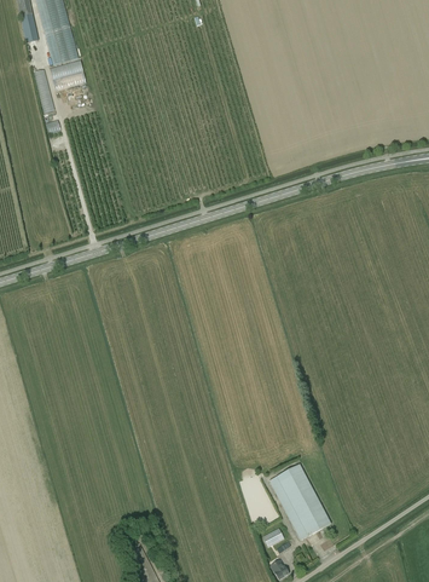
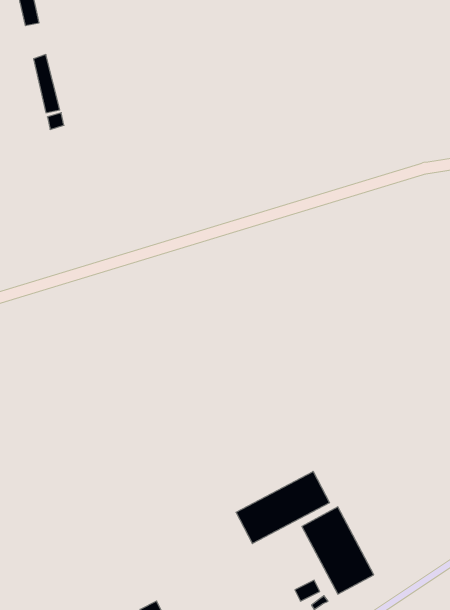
building: none -> [236,471,329,544]

